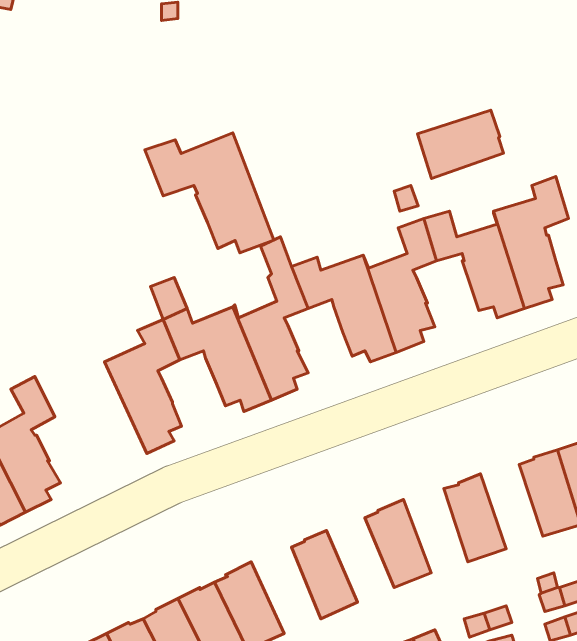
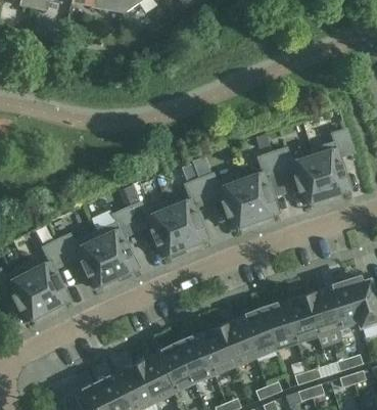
building: [418,110,503,178] -> none
building: [145,133,274,253] -> none
building: none -> [55,232,117,290]
building: none -> [303,289,338,336]
building: none -> [261,303,296,350]
building: none -> [218,319,255,366]
building: none -> [176,335,215,383]

